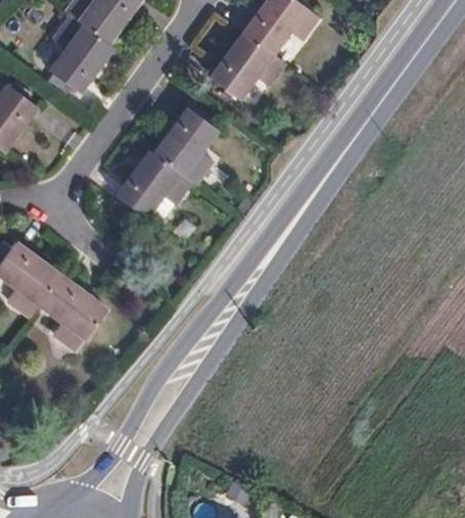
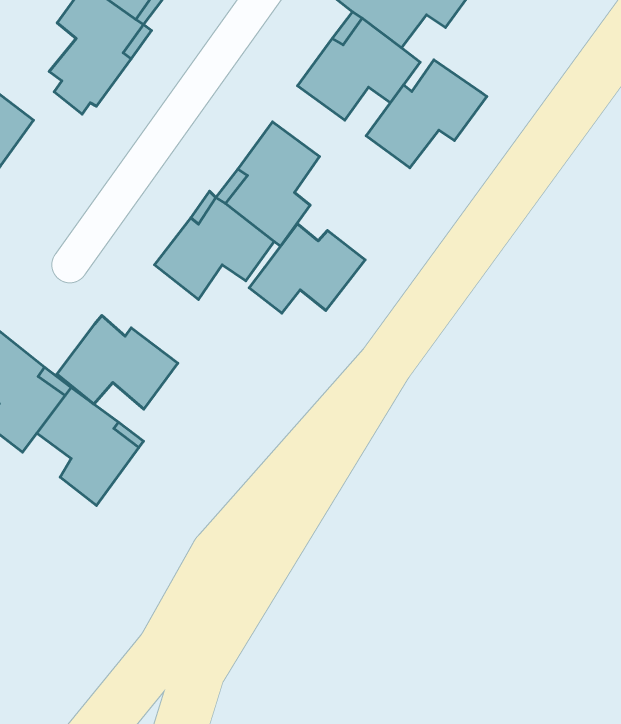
building: none -> [366,60,487,168]
building: none -> [249,224,365,313]
building: none -> [57,315,178,409]

